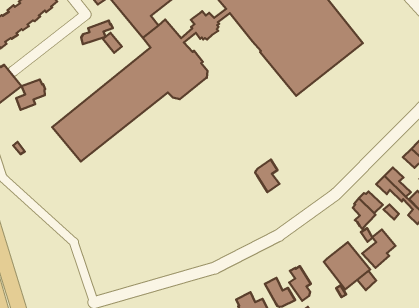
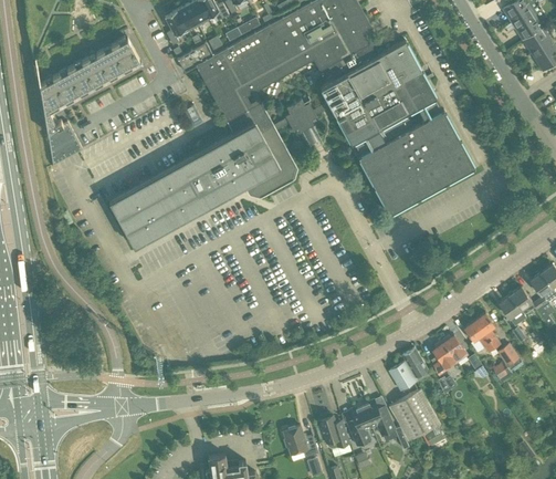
building: [81,21,113,44] -> none
building: [16,79,45,110] -> none
building: [255,159,280,192] -> none
building: [362,230,395,268] -> [388,350,427,392]
building: none -> [361,400,395,435]

